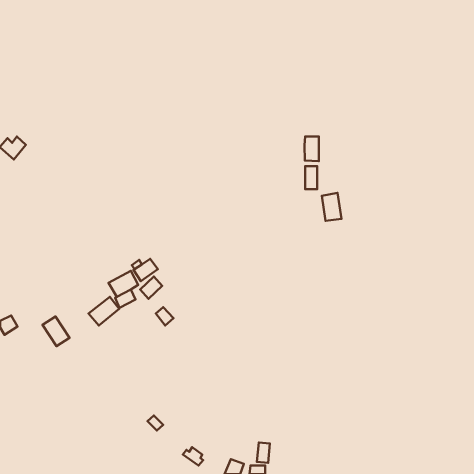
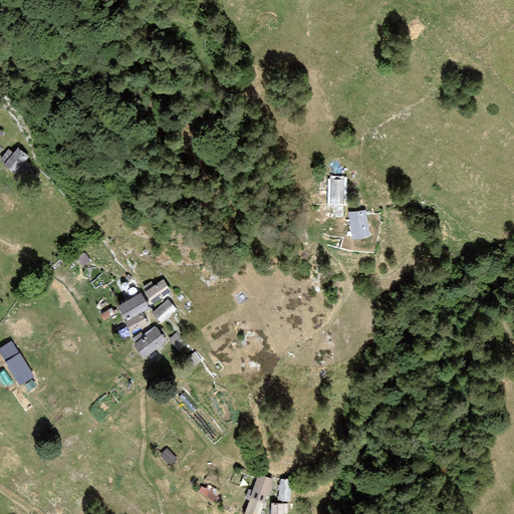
building: [305,137,319,161] -> none
building: [89,297,119,326] -> [134,327,167,358]
building: [42,317,69,346] -> [5,353,34,386]
building: none -> [250,475,271,502]

